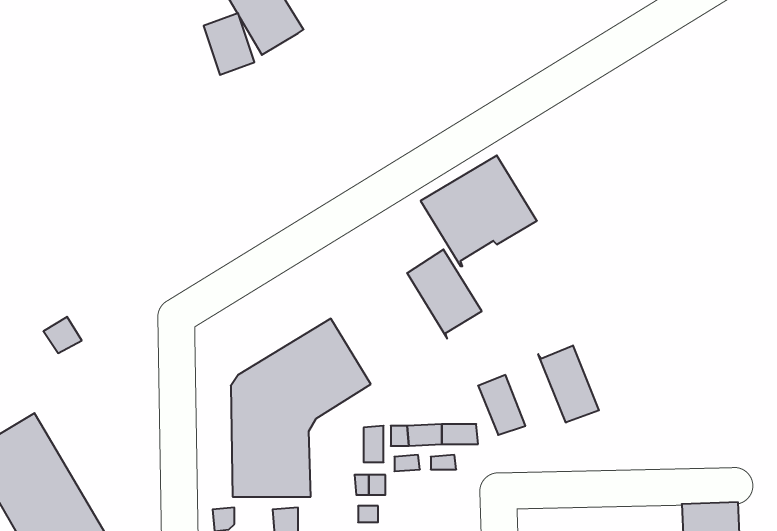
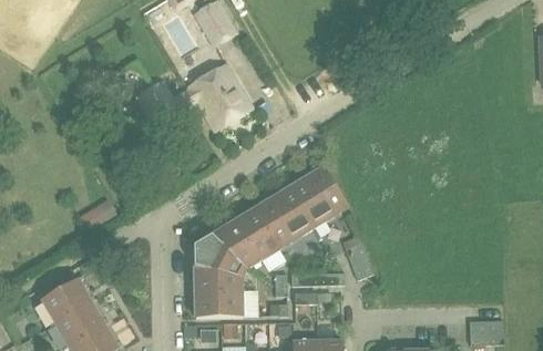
building: none -> [135,64,252,131]
building: [421,155,537,266] -> [255,180,326,248]
building: [538,345,599,423] -> none

